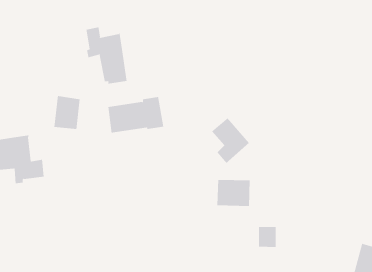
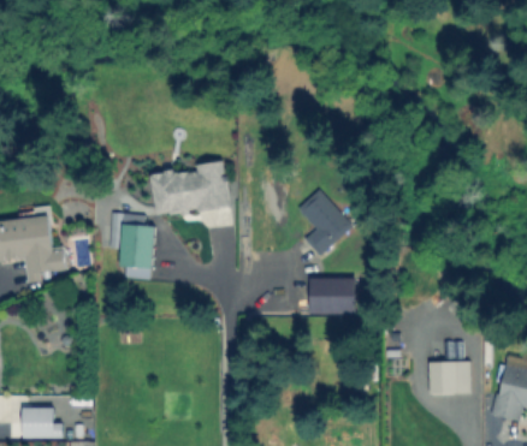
building: [86,26,127,85] -> none
building: [54,96,81,130] -> [118,225,155,272]
building: [258,227,276,248] -> [432,365,457,394]

